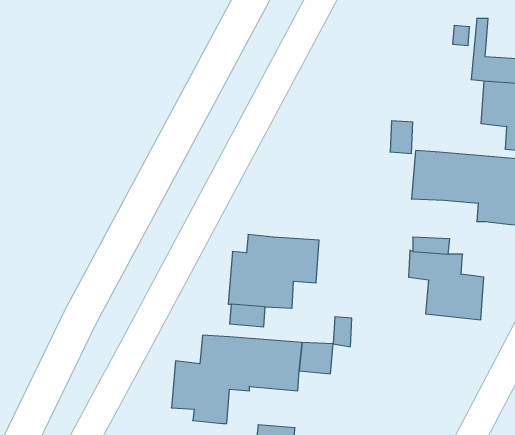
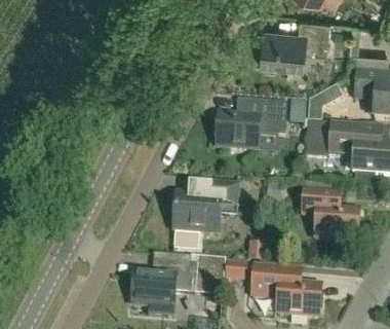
building: none -> [259,19,328,68]
building: none -> [308,85,343,121]
building: none -> [216,101,287,150]
building: none -> [252,265,321,318]

